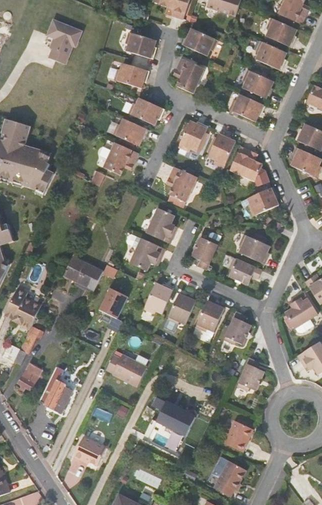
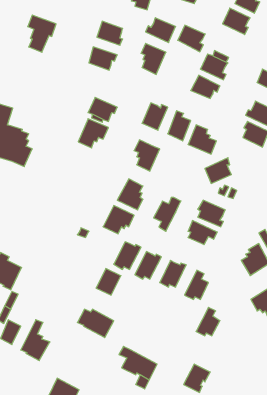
building: [256,40,287,70] -> [178,25,205,52]
building: [127,94,160,121] -> none
building: [64,261,102,298] -> none
building: [97,286,125,316] -> [96,269,121,295]

